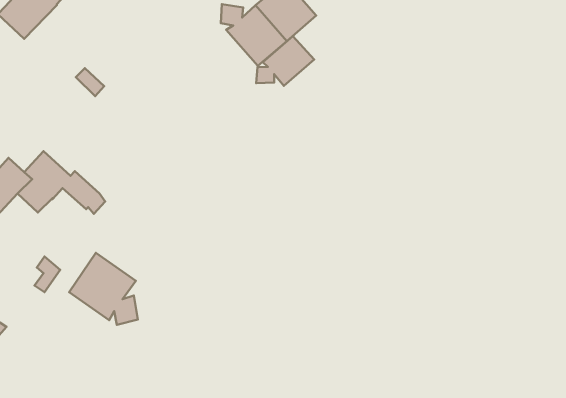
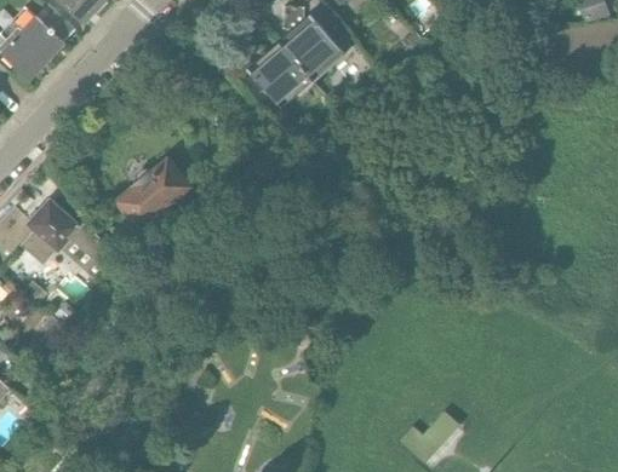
building: [256,36,314,86] -> none
building: none -> [114,157,194,229]
building: [69,253,138,325] -> none

